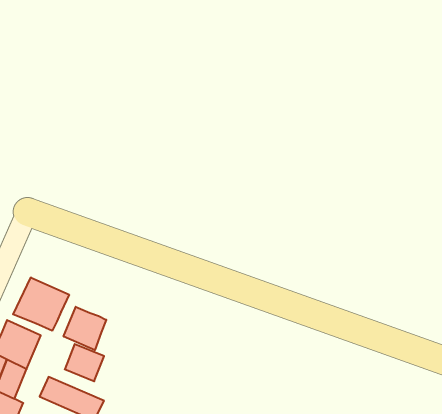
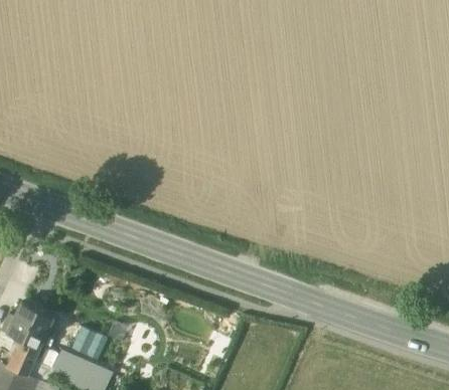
building: [13,277,69,331] -> none
building: [64,307,106,350] -> none

